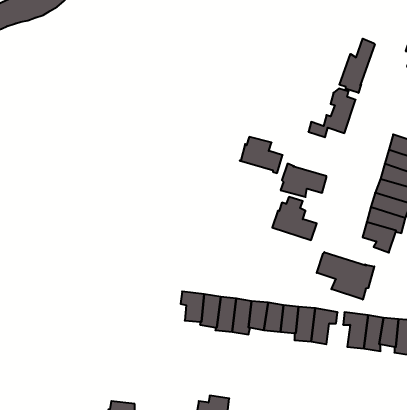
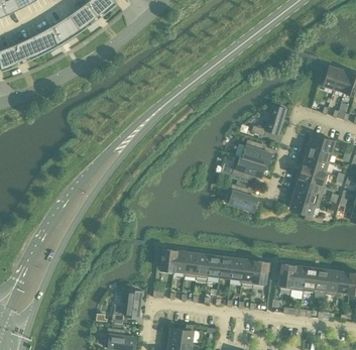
building: [339,39,375,93] -> none
building: [240,137,283,173] -> [240,140,271,166]
building: [317,252,374,300] -> none
building: none -> [112,289,141,322]

